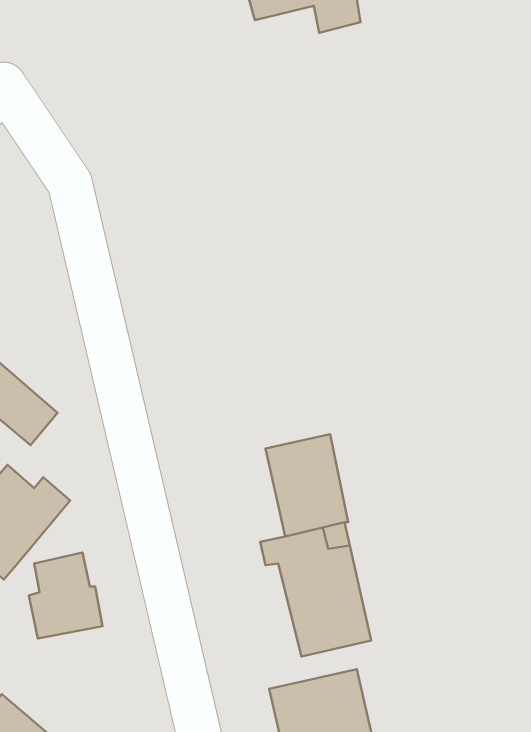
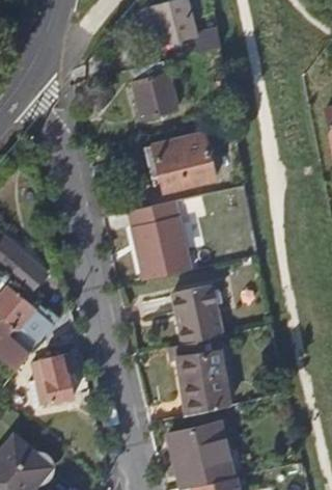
building: none -> [134,73,177,118]
building: none -> [153,134,215,192]
building: none -> [129,199,192,279]

